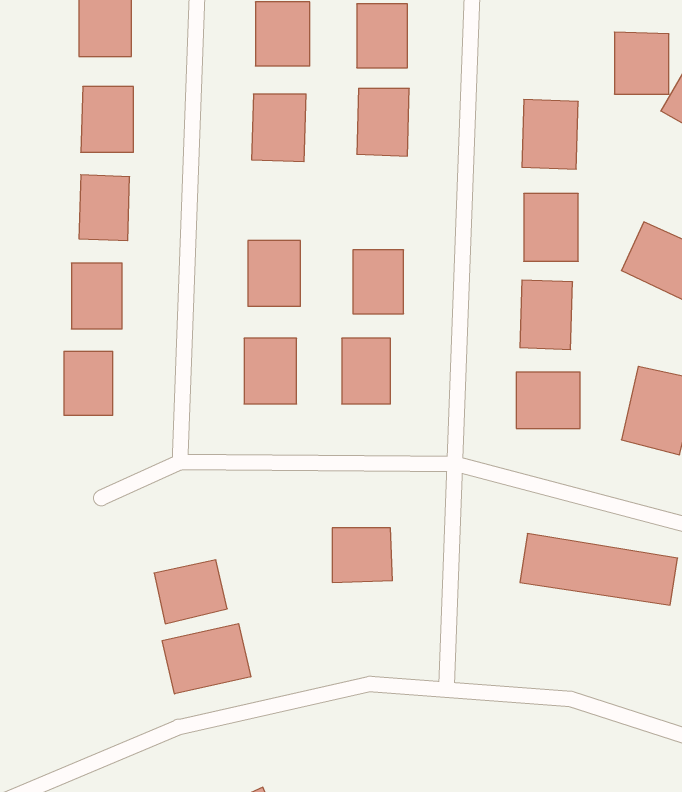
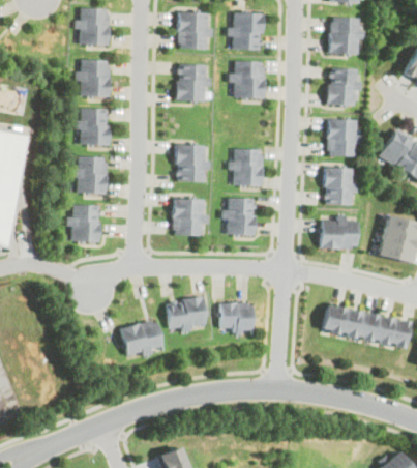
building: [614,32,669,94] -> [328,19,358,53]
building: none -> [168,299,203,329]
building: [162,624,251,694] -> none

